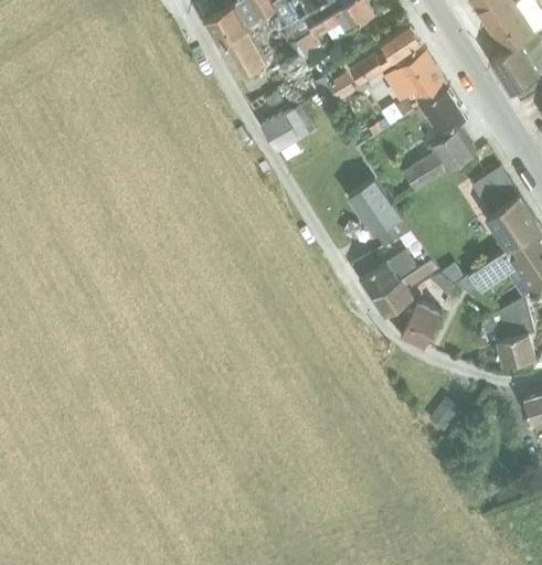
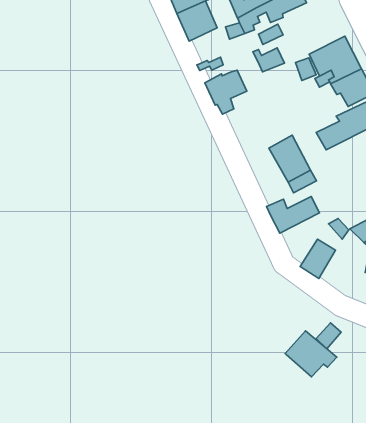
building: [350,23,423,86] -> none
building: [372,259,438,317] -> none
building: none -> [285,331,337,377]

